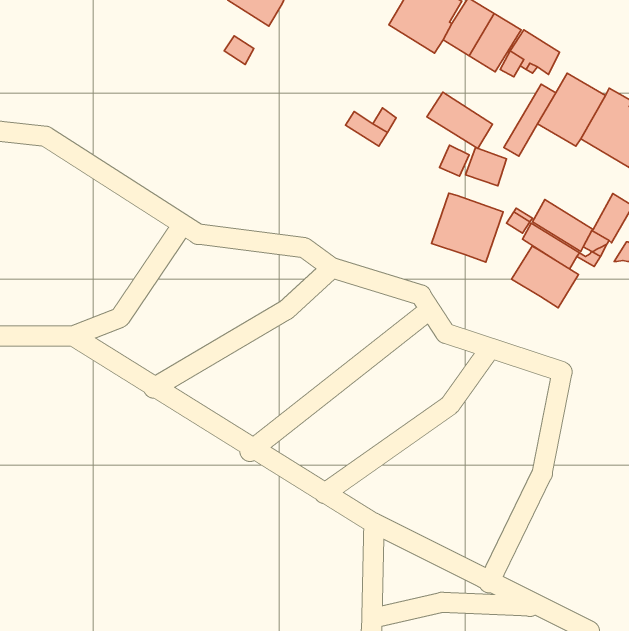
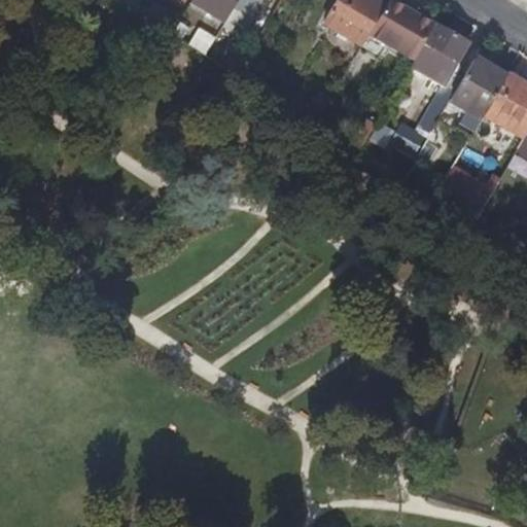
building: [427,92,493,148] -> none
building: [431,193,503,262] -> none
building: [512,246,579,308] -> none

